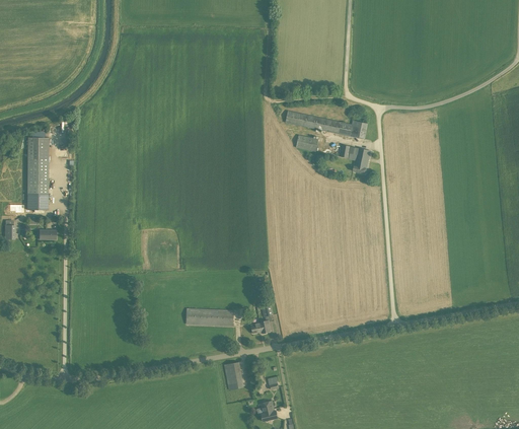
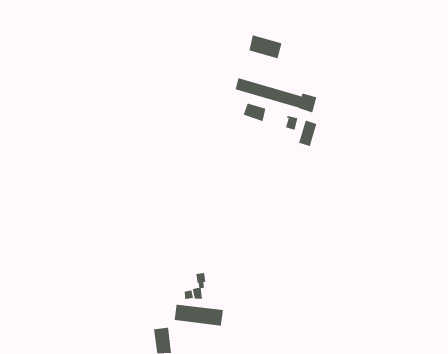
building: none -> [249,34,282,59]
building: [184,307,233,326] -> [174,304,224,326]

